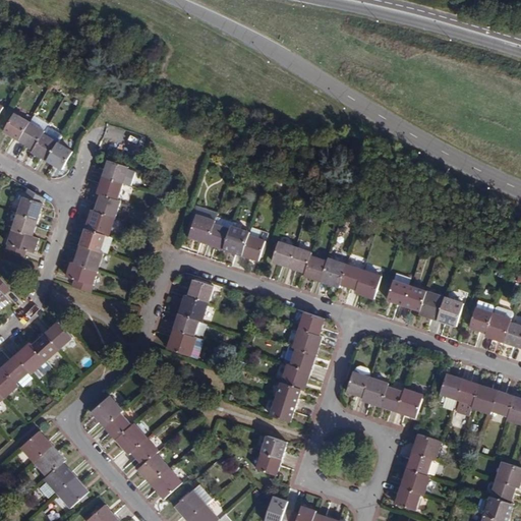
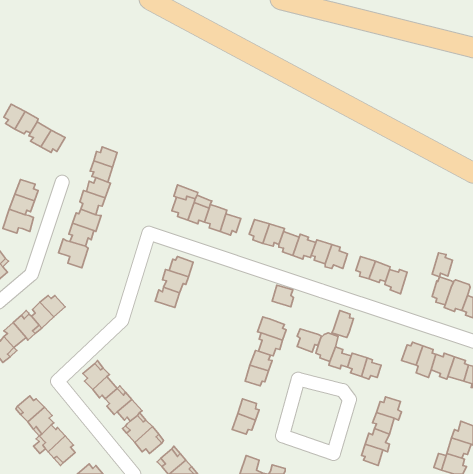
building: [439,298,461,325] -> [432,253,453,277]
building: [166,330,195,355] -> none
building: [295,330,322,355] -> [297,329,321,352]
building: none -> [332,311,353,338]

